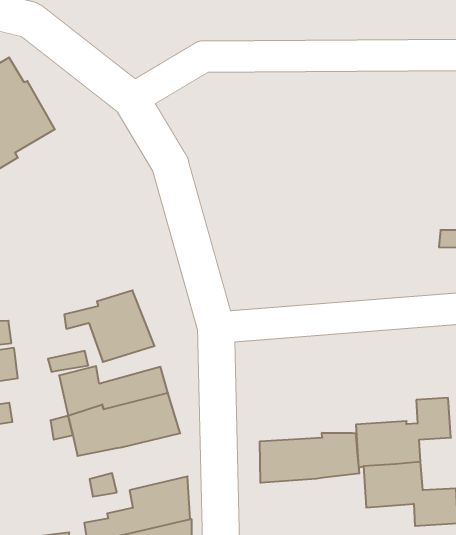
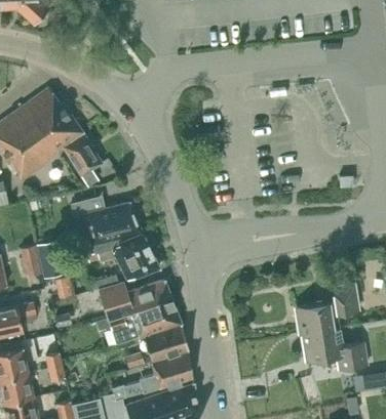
building: none -> [63,133,102,187]
building: none -> [83,203,142,253]
building: [260,433,359,483] -> none
building: none -> [144,324,188,362]

